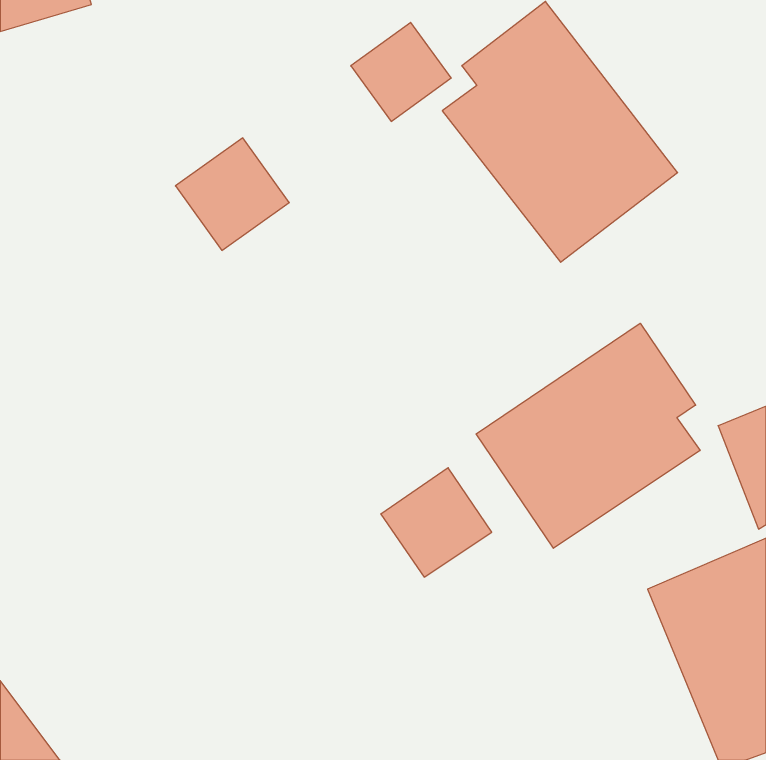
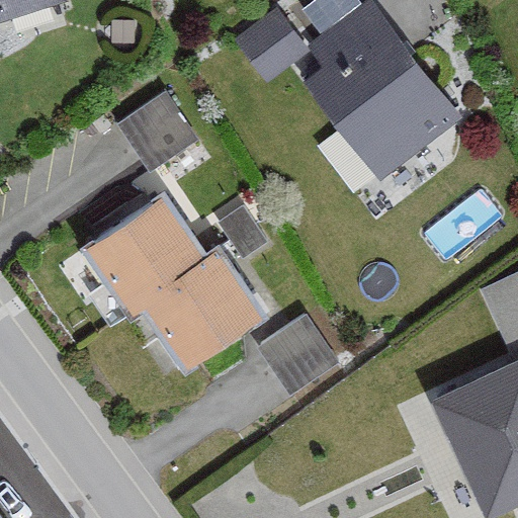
building: none -> [90,198,267,365]
building: [476,323,700,548] -> none

